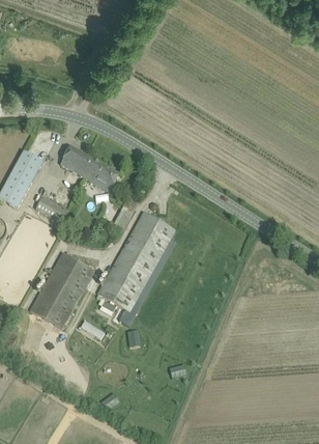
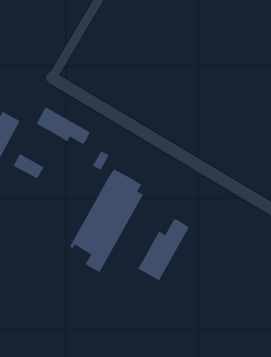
building: [30,254,93,329] -> none
building: none -> [138,218,190,281]

